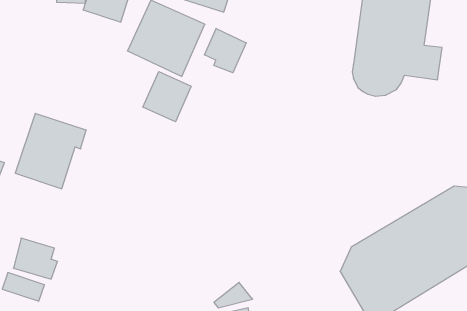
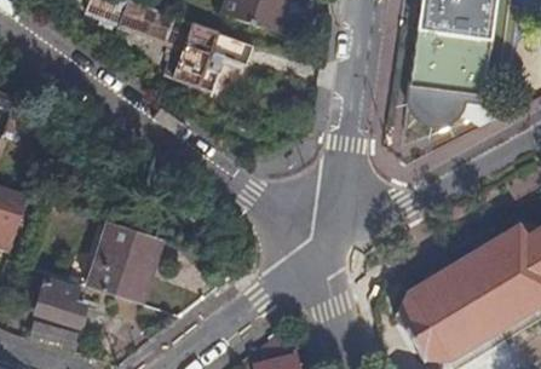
building: [204,28,246,73] -> none
building: [143,72,191,122] -> none
building: [15,113,86,189] -> [86,219,163,301]

